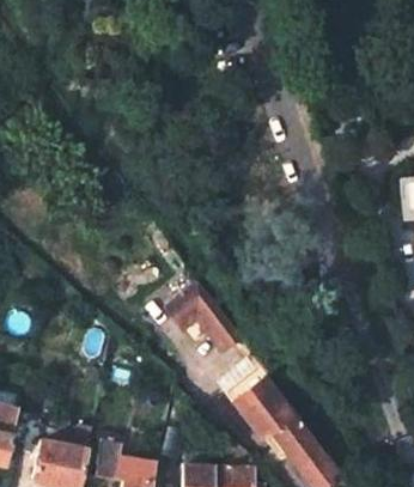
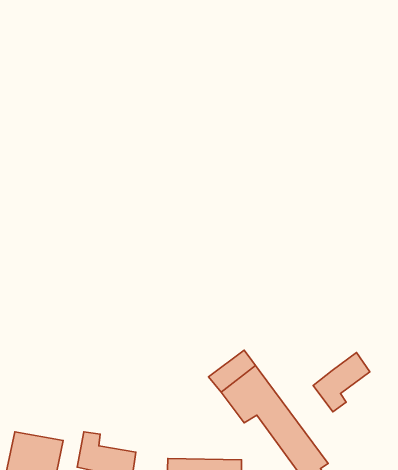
building: [168,284,242,348] -> none
building: none -> [313,353,370,412]

